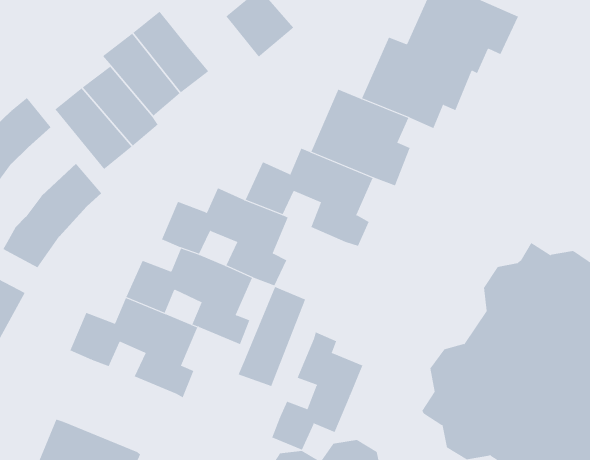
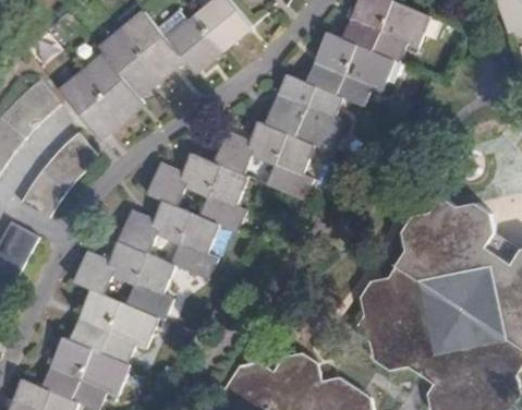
building: none -> [168,16,223,72]
building: [238,286,306,387] -> none
building: [271,331,363,450] -> none
building: none -> [69,290,158,363]

